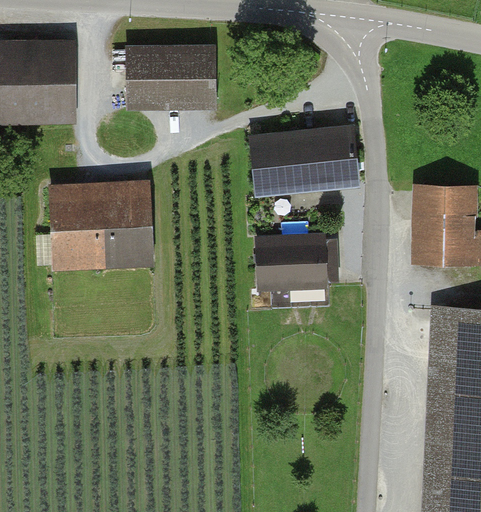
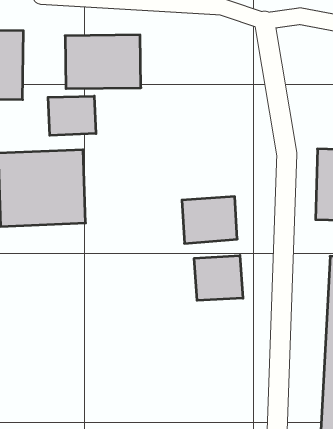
building: none -> [48,96,96,135]
building: [252,127,358,196] -> none
building: none -> [194,255,243,300]

